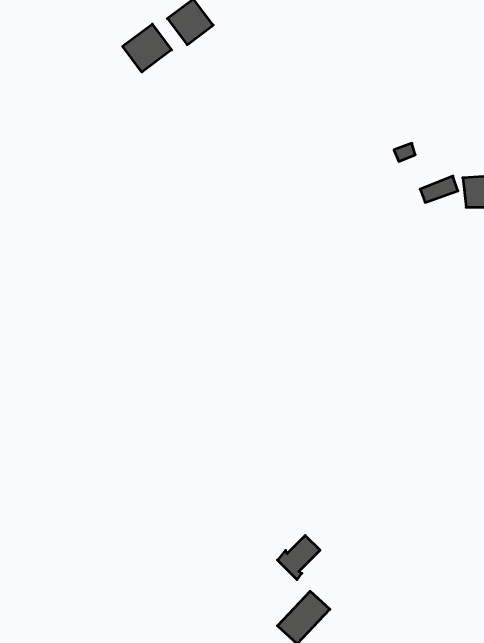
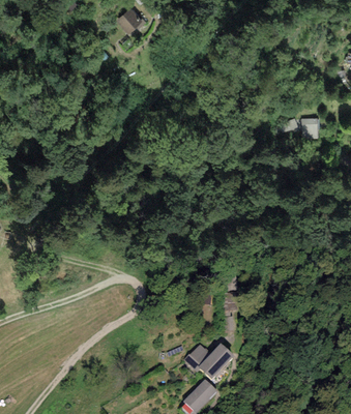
building: [123,24,172,72] -> none
building: none -> [197,344,233,379]

